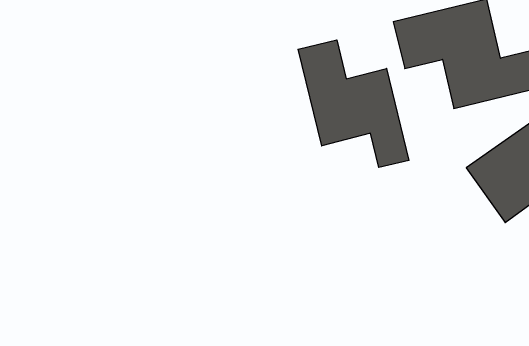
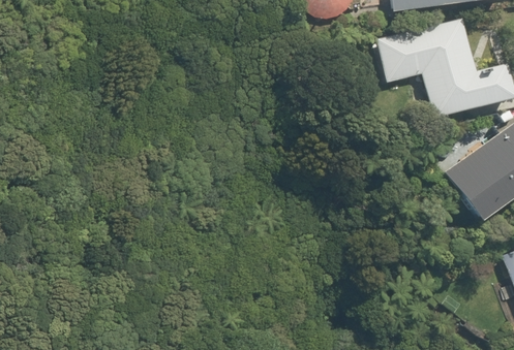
building: [298,40,409,167] -> none

